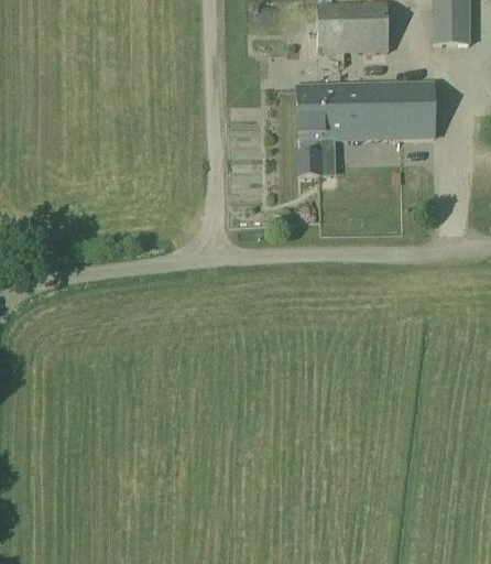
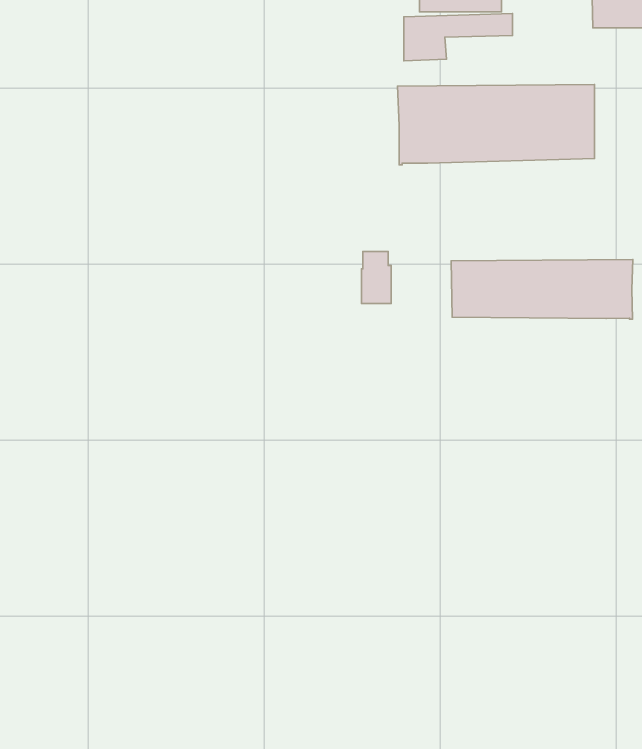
building: [302,138,323,174] -> [361,251,391,303]
building: none -> [451,259,633,319]

